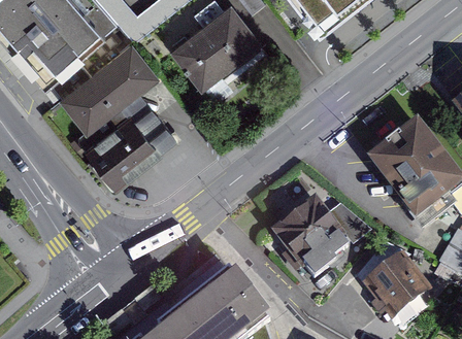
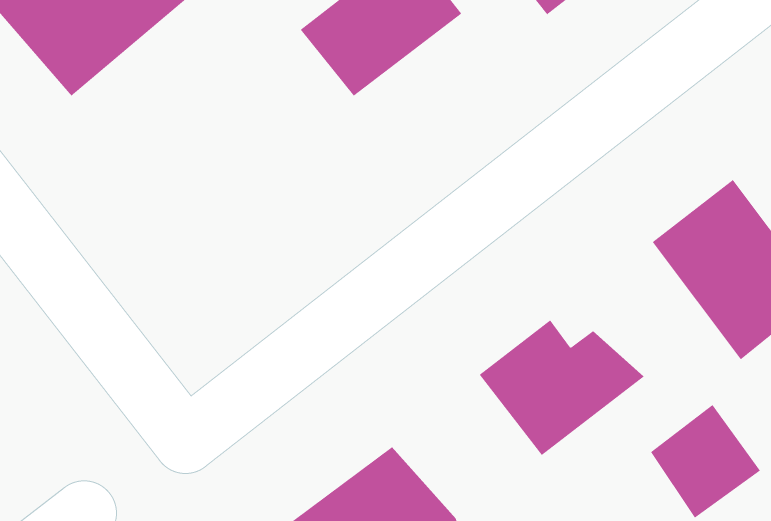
building: [63,37,182,180] -> none

